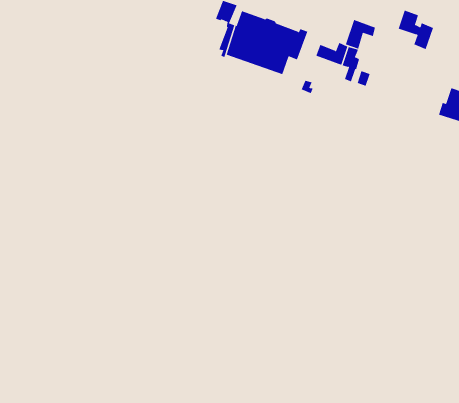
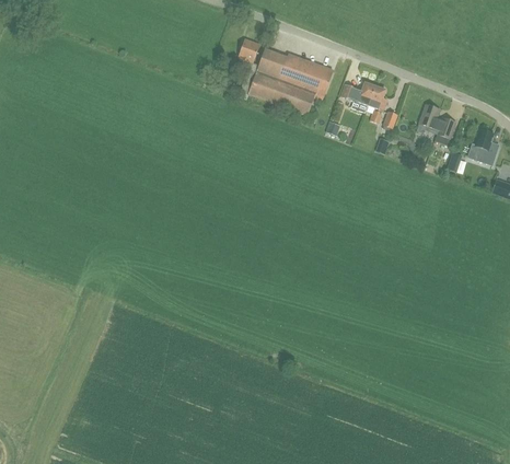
building: [398,10,434,50] -> [419,103,456,144]
building: [345,19,375,49] -> none

